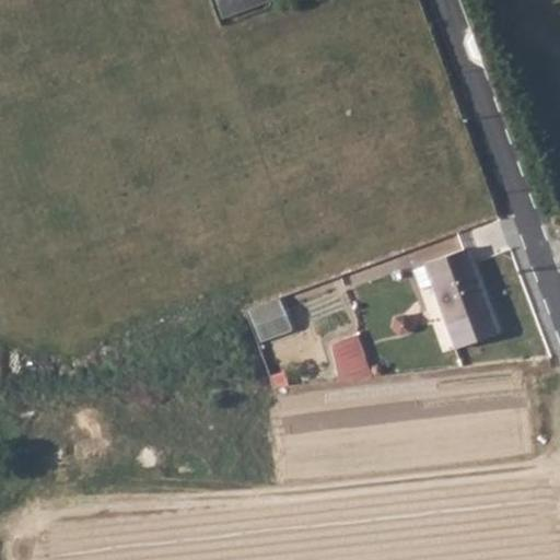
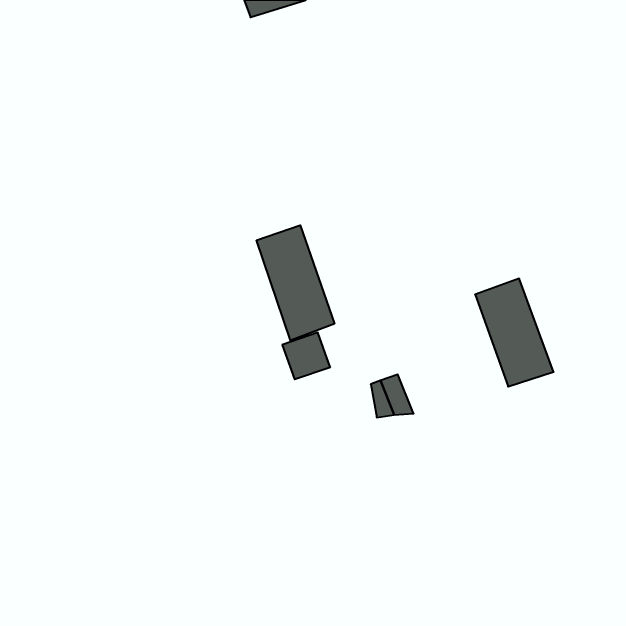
building: none -> [257,225,334,341]

